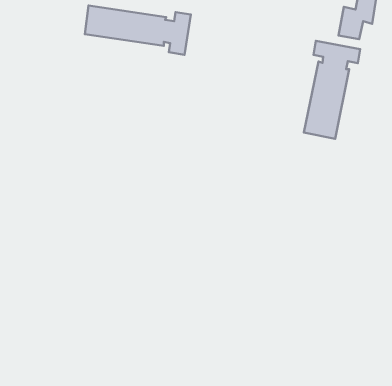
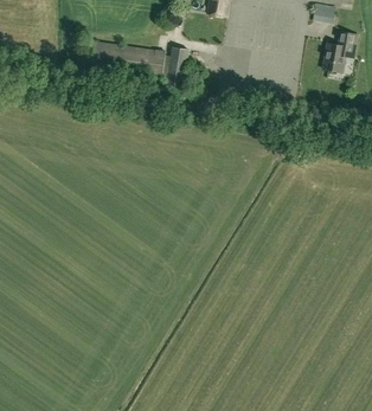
building: [304,41,360,139] -> none

